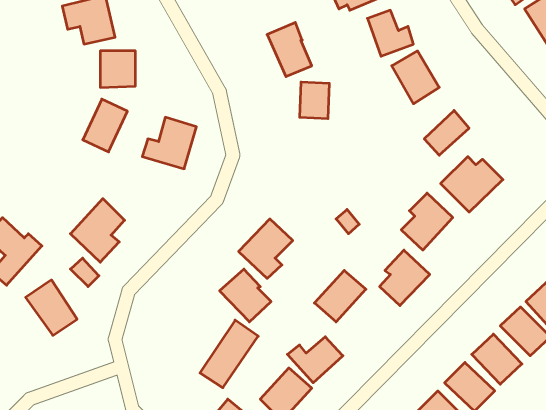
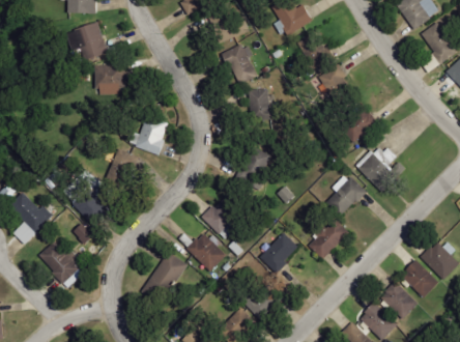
building: [83,99,127,152] -> [104,149,138,190]
building: none -> [234,147,270,189]
building: [200,320,258,388] -> [141,253,185,305]

